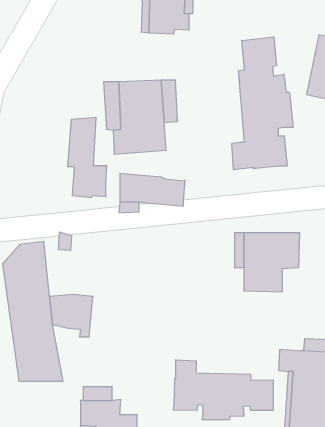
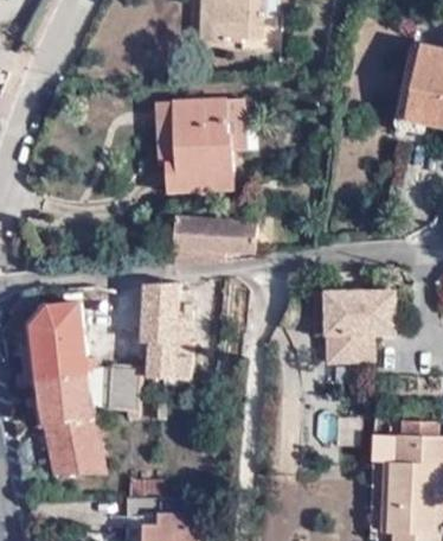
building: [232,37,293,170] -> none
building: [67,118,107,197] -> [141,280,190,378]
building: [174,360,273,420] -> none

